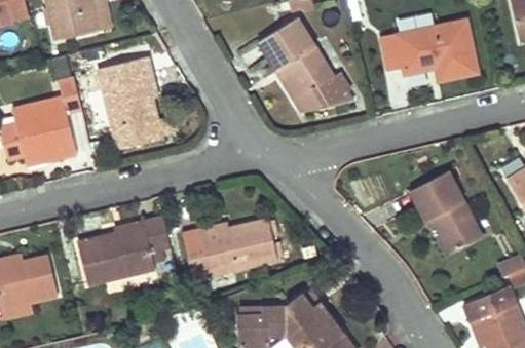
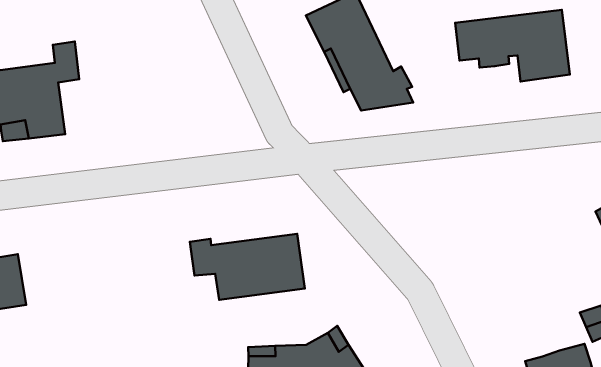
building: [102,57,163,147] -> none
building: [410,171,482,252] -> none
building: [76,217,174,285] -> none

